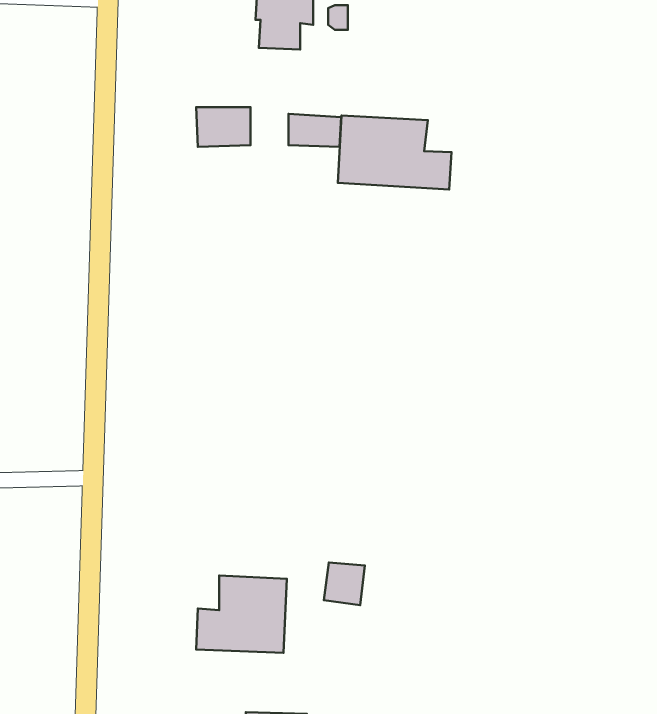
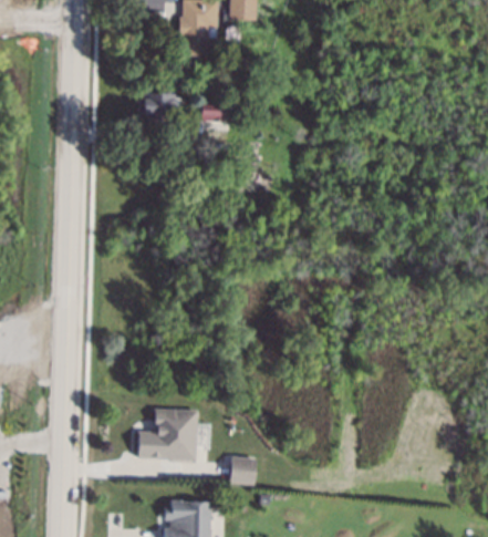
building: [338,116,451,190] -> none
building: [324,562,365,605] -> [229,455,257,484]

